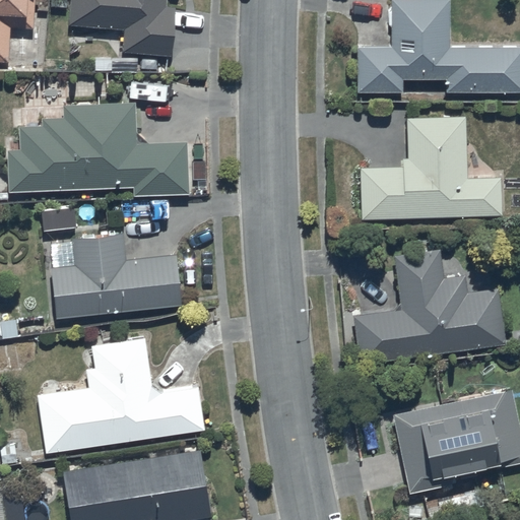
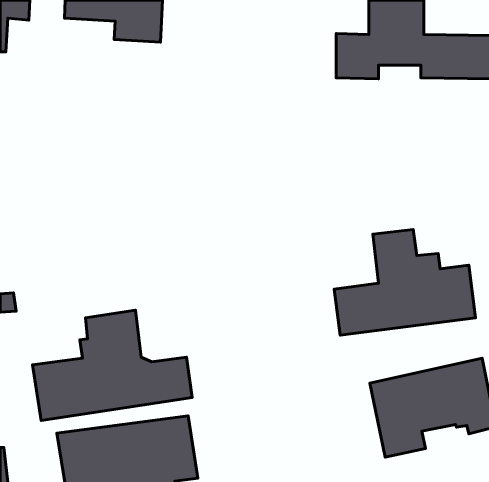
building: [7,104,188,195] -> none
building: [361,118,501,218] -> none
building: [52,232,182,318] -> none

